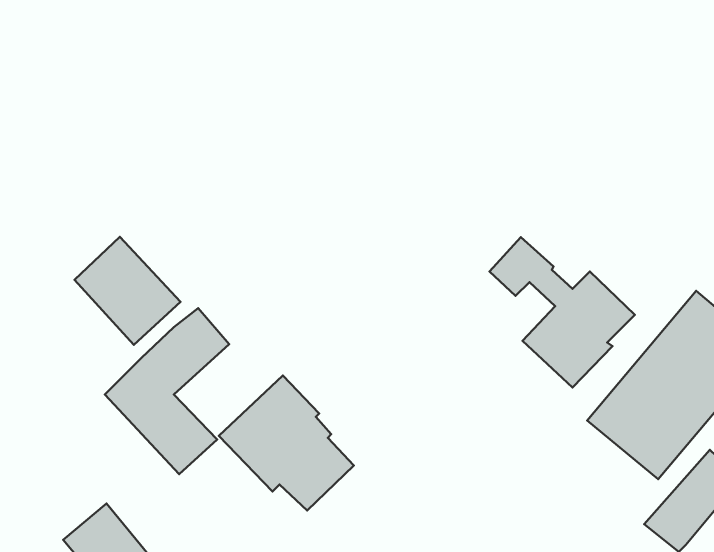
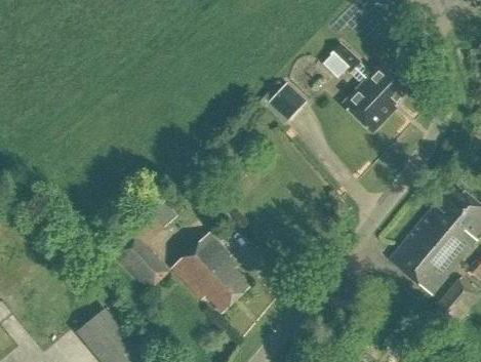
building: none -> [271,84,307,121]
building: [75,237,180,345] -> none
building: [490,237,635,388] -> [324,43,410,132]

